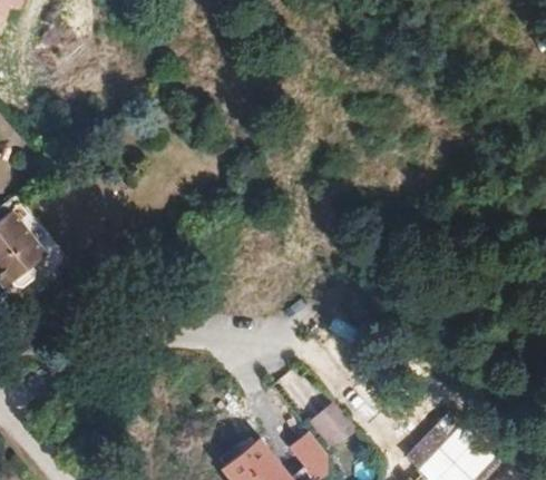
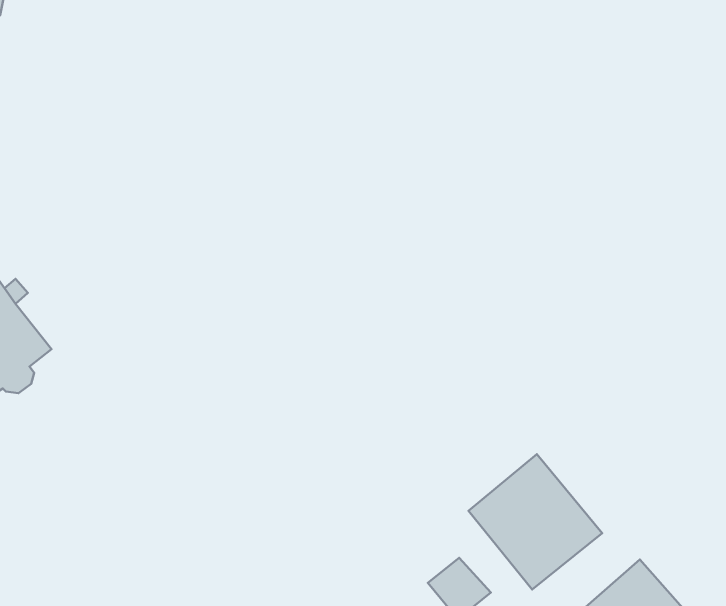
building: none -> [468,454,602,589]

